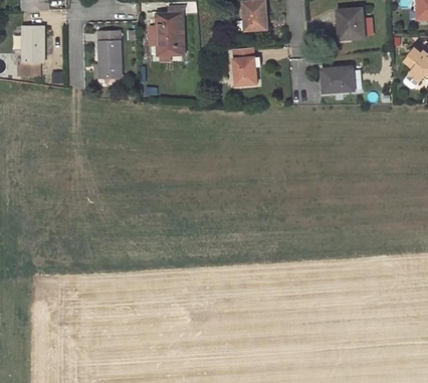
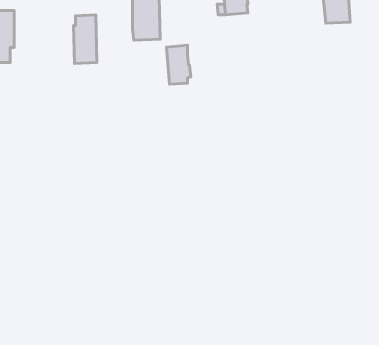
building: [232,48,255,85] -> [166,45,191,84]
building: [322,68,354,92] -> none

